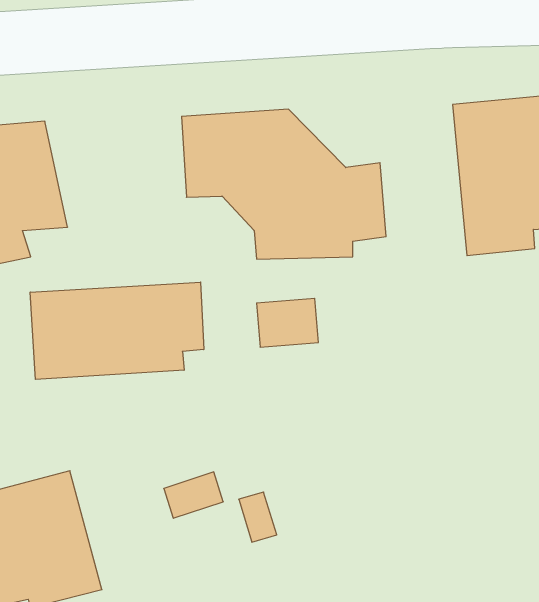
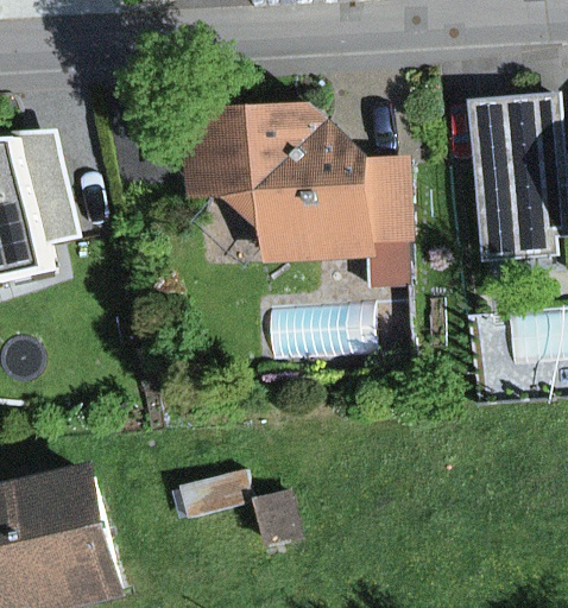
building: [30,282,204,379] -> none

